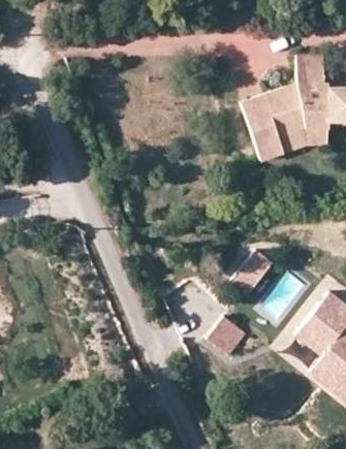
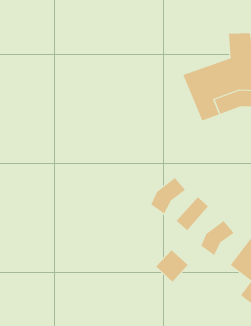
building: none -> [150,177,186,215]
building: none -> [201,220,235,256]

